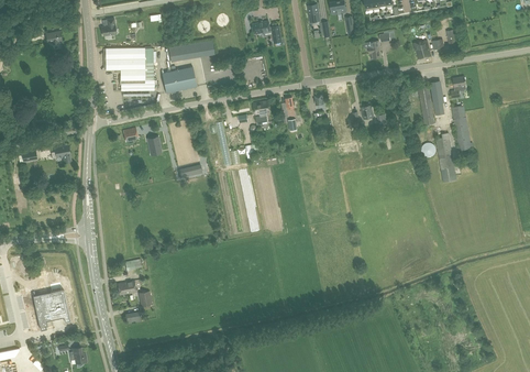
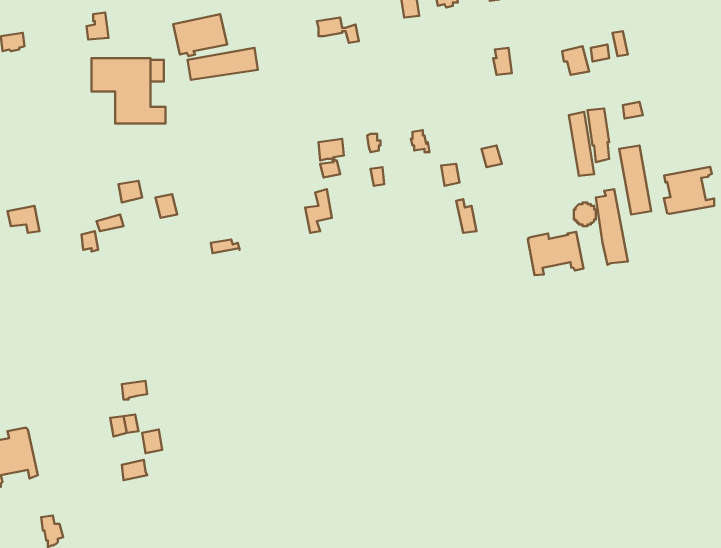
building: [162,66,197,94] -> [173,14,227,56]
building: none -> [664,167,714,214]
building: none -> [528,232,583,275]

